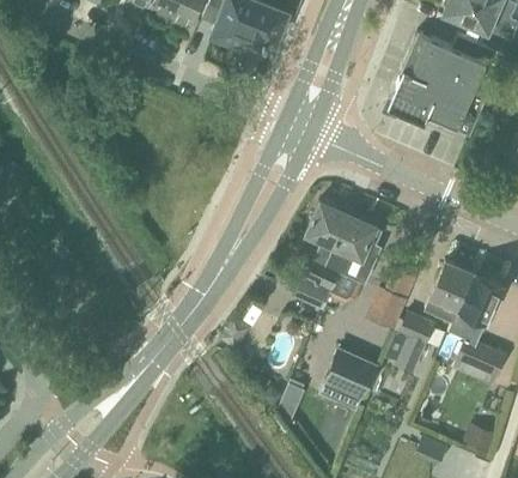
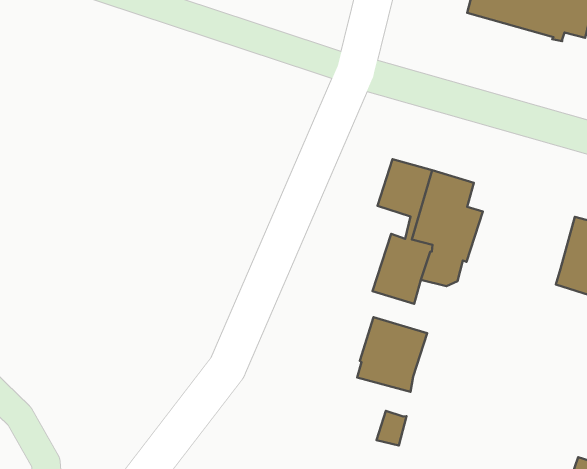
building: [365,286,407,328] -> none
building: [390,315,434,370] -> none
building: [319,351,374,409] -> [357,317,427,392]

